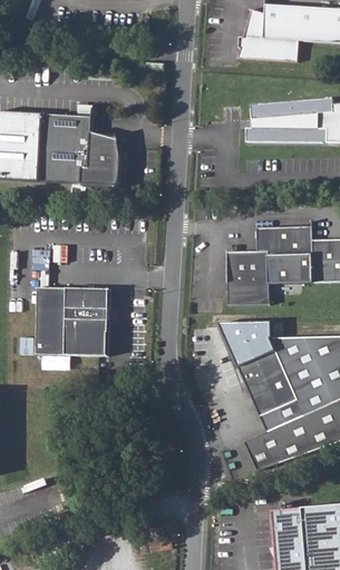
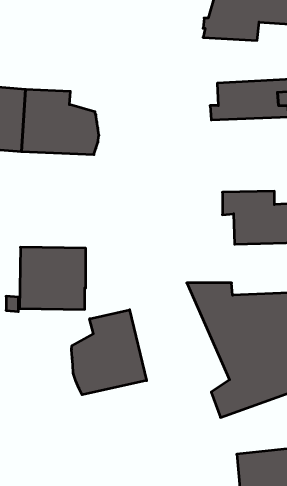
building: [227,249,270,305] -> none
building: none -> [72,310,147,395]

